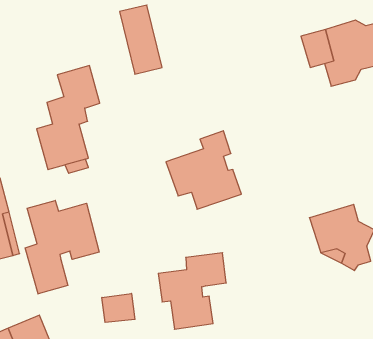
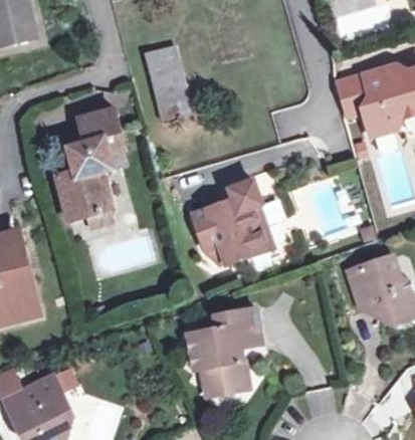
building: [25,200,99,294] -> none
building: [102,293,135,322] -> none

